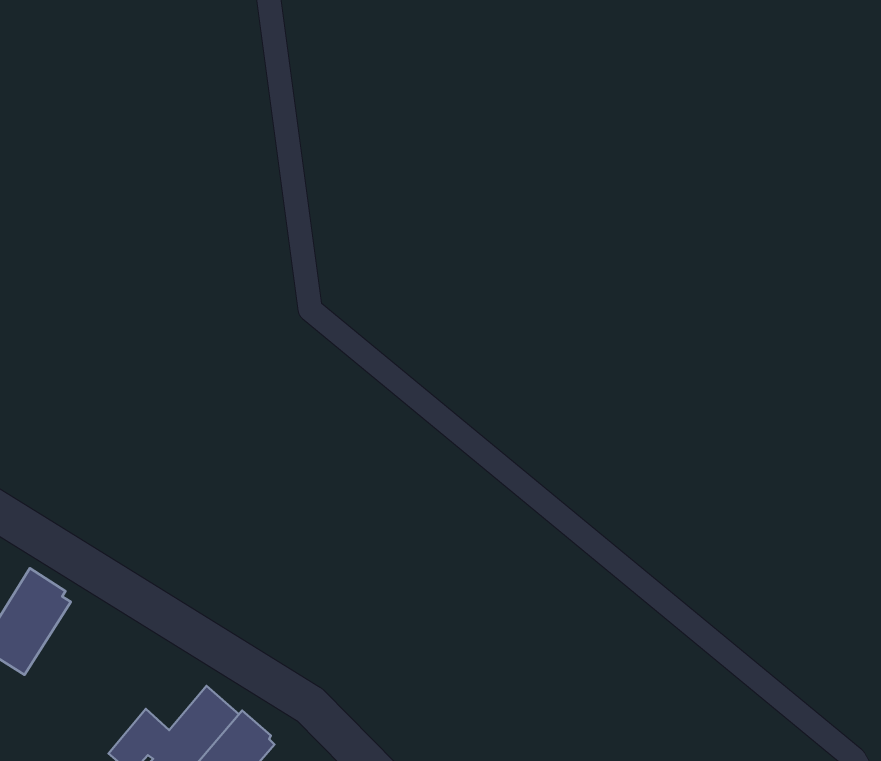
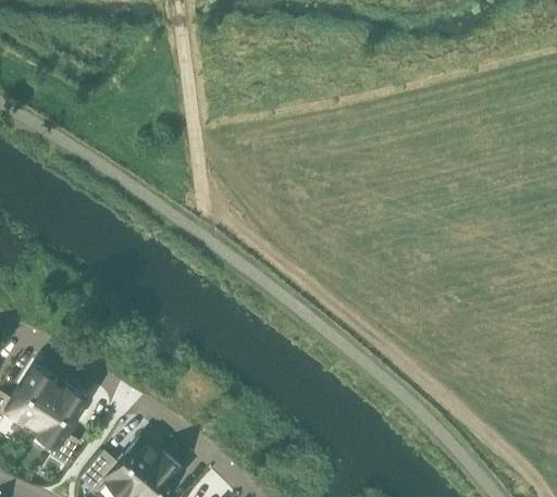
building: none -> [30,384,88,461]

